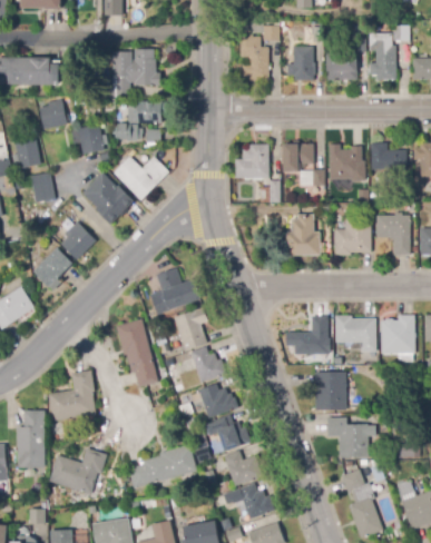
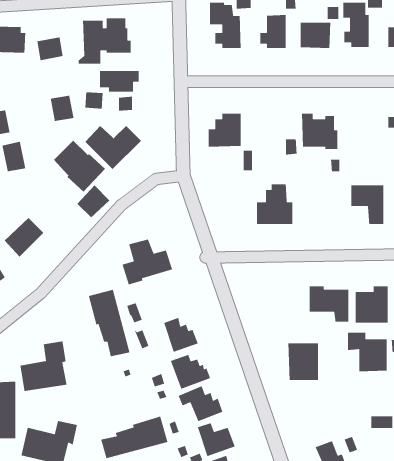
building: [39,103,66,128] -> [37,36,64,61]
building: [371,142,405,169] -> none
building: [283,144,313,171] -> none
building: [61,225,95,258] -> [76,185,110,218]
building: [334,228,371,256] -> none
building: [174,306,208,351] -> none
building: [294,316,327,356] -> none
building: [327,417,368,457] -> [347,332,388,372]

